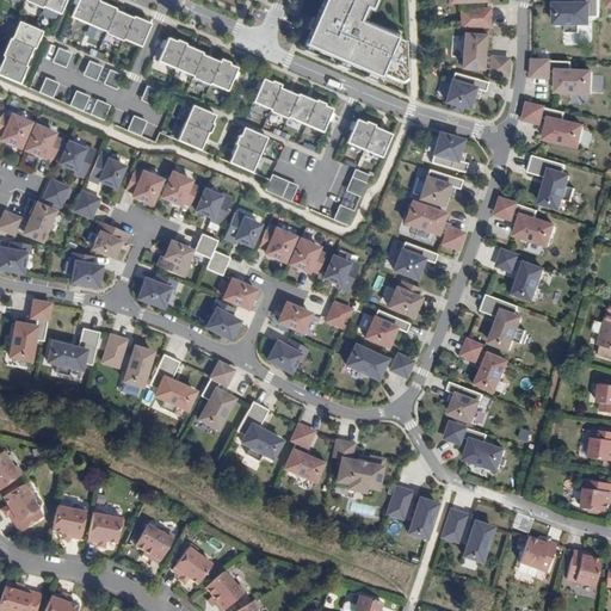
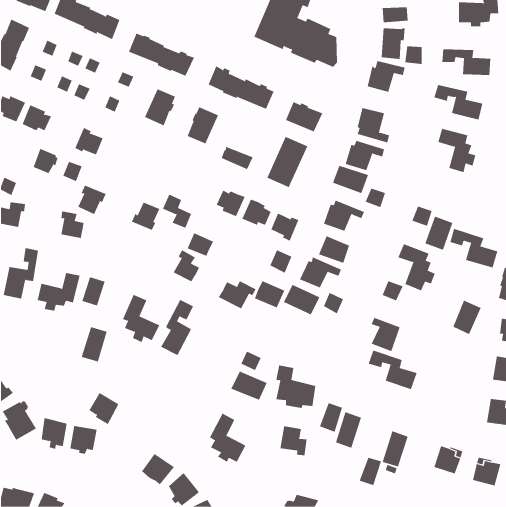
building: [62,142,98,177] -> none
building: [129,172,165,203] -> none
building: [165,173,200,204] -> none
building: [199,189,234,223] -> none
building: [496,196,555,243] -> [449,228,498,268]
building: [26,200,57,241] -> none
building: [227,211,263,245] -> none
building: [141,274,179,308] -> none
building: [274,298,311,332] -> [254,280,285,308]
building: [119,342,152,385] -> [81,326,108,362]
building: [475,350,510,391] -> [453,300,481,335]
building: [237,399,282,458] -> [209,413,246,462]
building: [442,507,469,542] -> [359,457,382,486]
building: none -> [280,426,307,456]
building: [134,521,171,561] -> [88,392,119,425]

